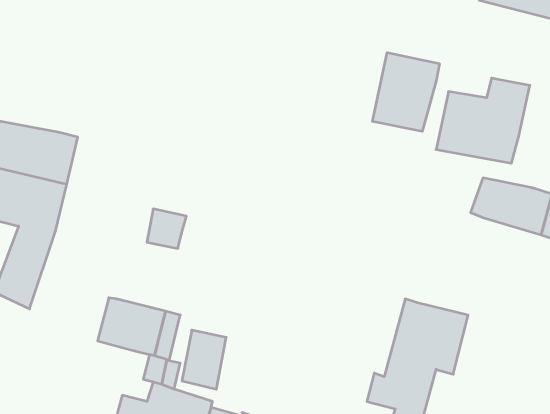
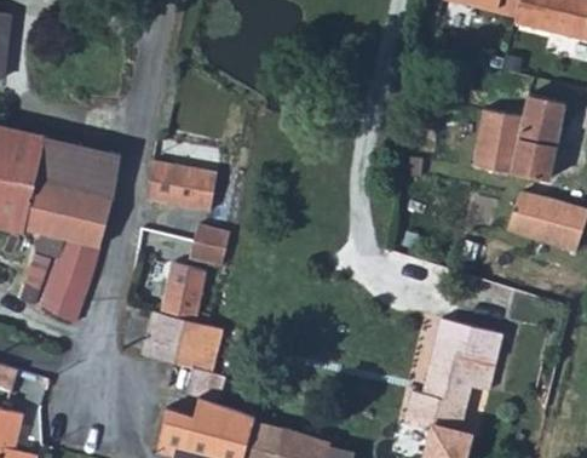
building: [372,53,439,131] -> none
building: none -> [146,164,217,212]
building: [182,330,226,389] -> [160,264,203,322]

